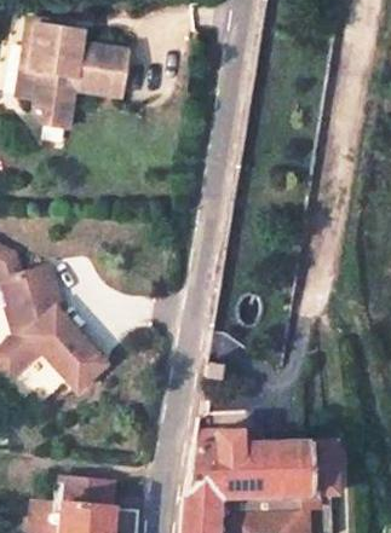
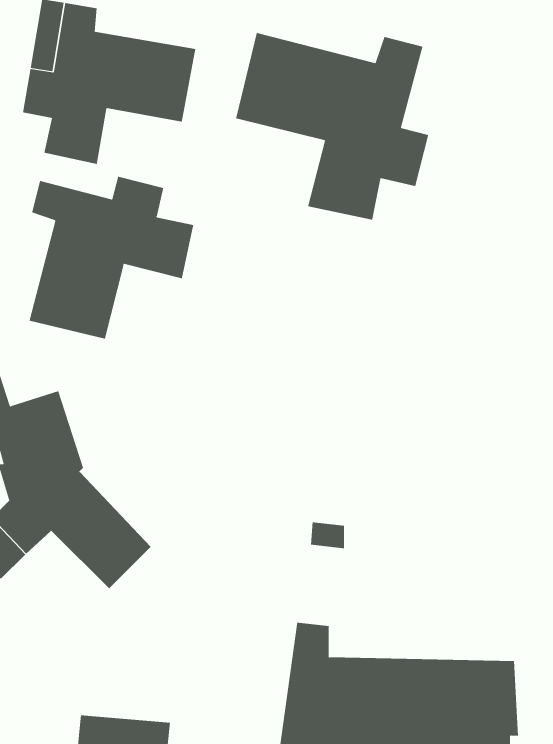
building: none -> [235,32,429,221]
building: none -> [29,176,194,340]

